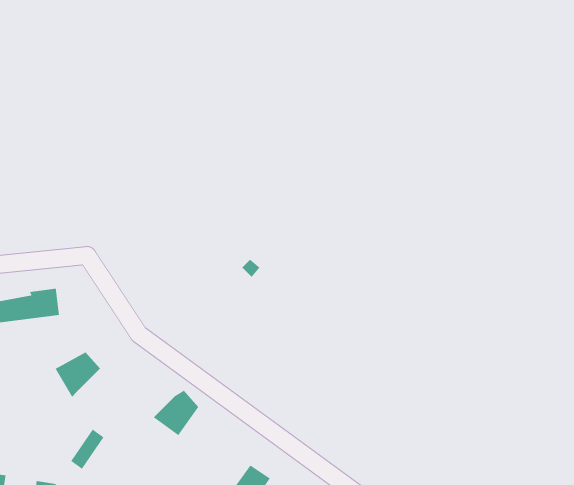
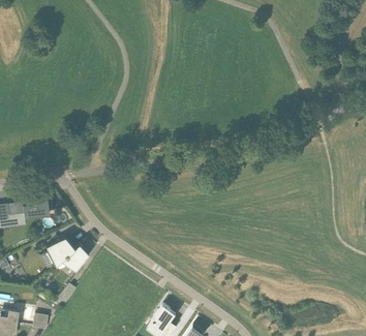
building: [153,390,199,436] -> [60,244,88,272]

